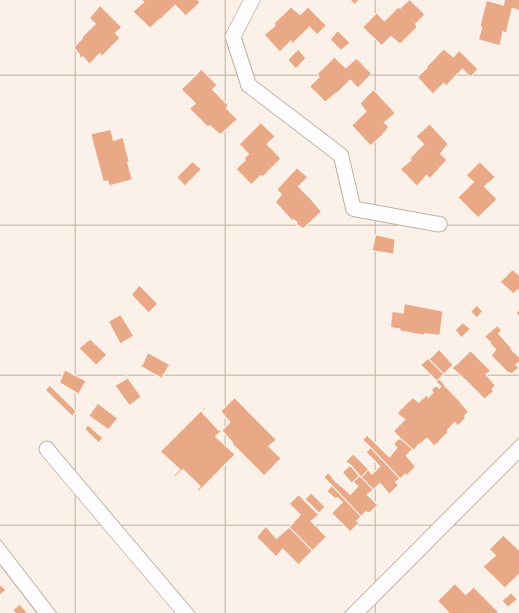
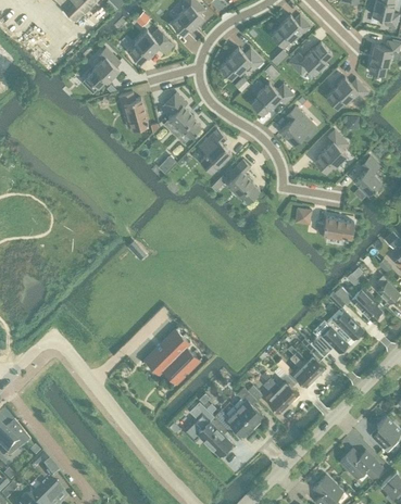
building: [90,129,133,186] -> [117,90,147,129]
building: [390,304,443,335] -> [315,215,352,237]
building: [220,398,281,476] -> [188,400,230,454]

